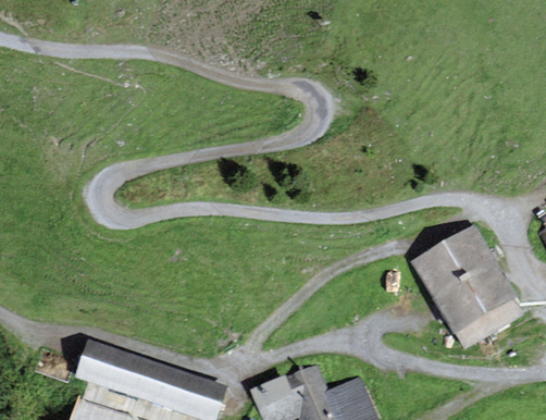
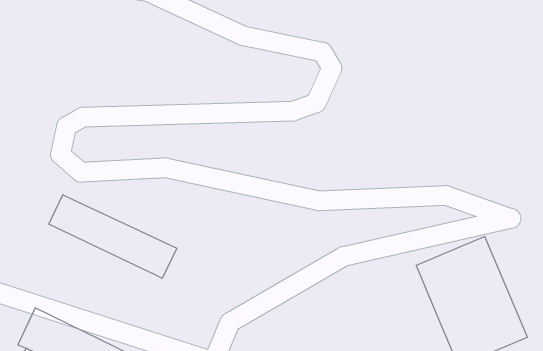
building: none -> [49,195,177,278]

